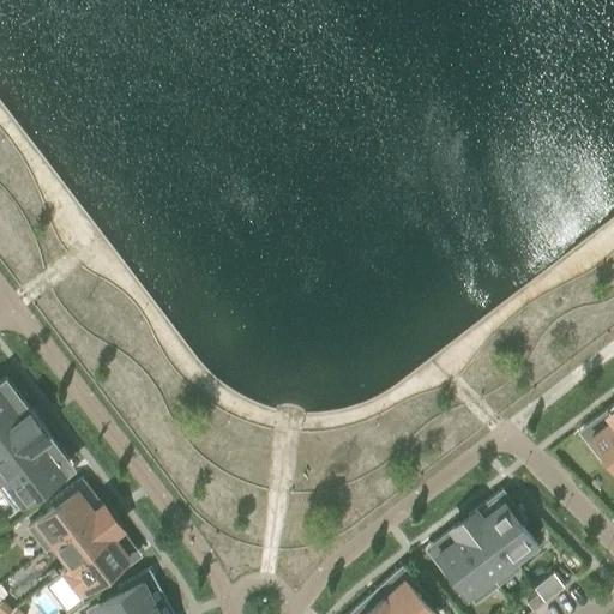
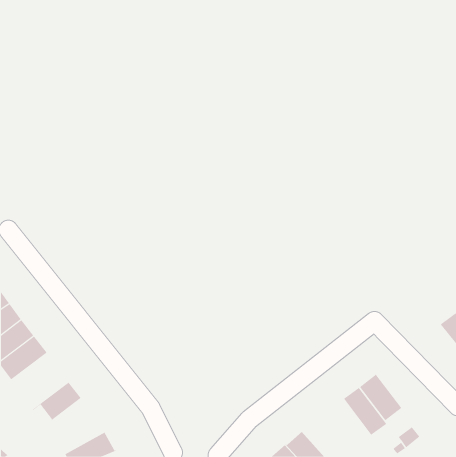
building: [29,489,95,549] -> none
building: [62,534,130,594] -> none
building: [439,535,499,602] -> none

